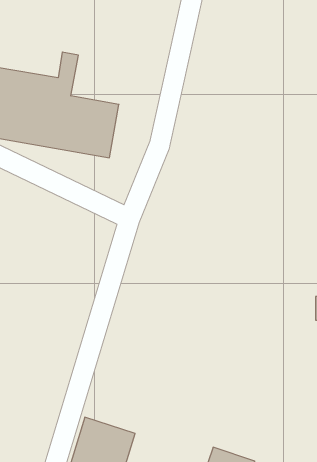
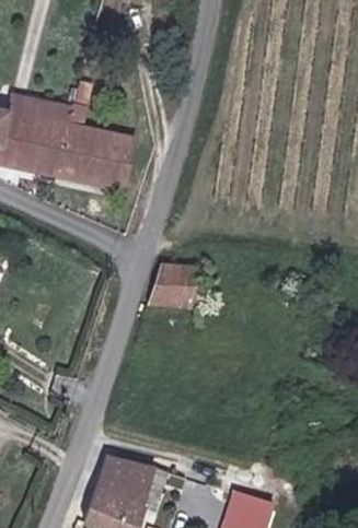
building: none -> [153,270,198,306]

